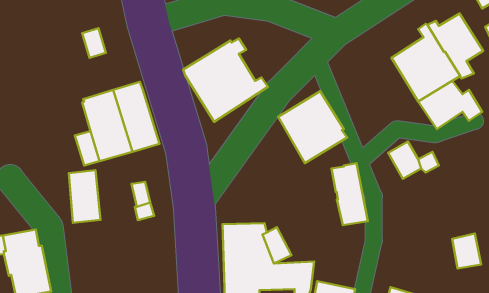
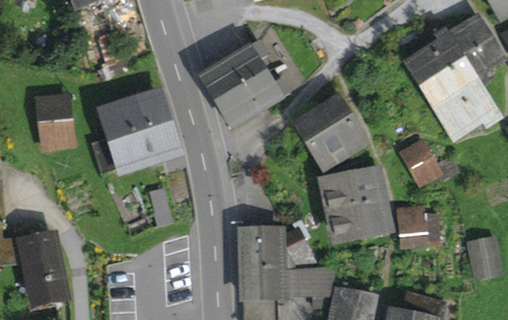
building: none -> [325,174,361,236]
building: [69,170,101,223] -> [40,96,72,149]
building: none -> [401,209,437,247]

